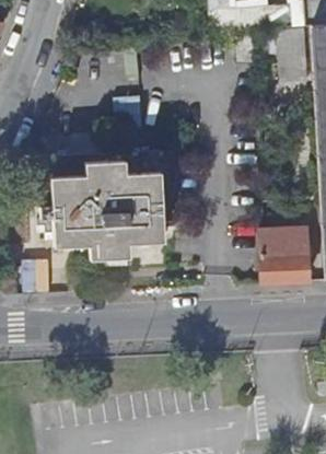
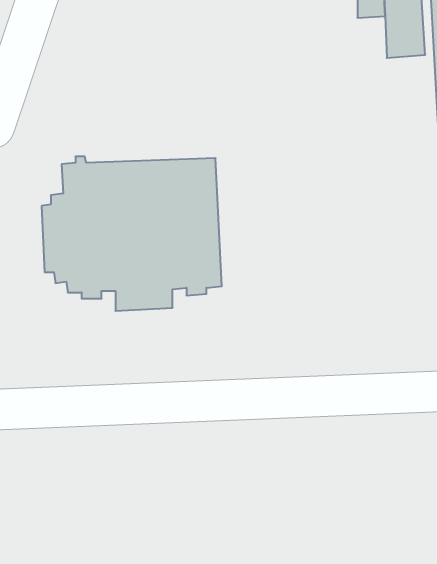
building: [260,229,312,284] -> none

